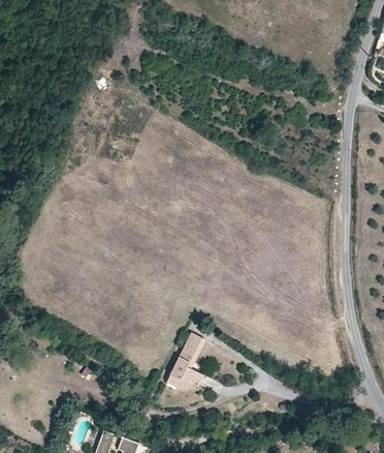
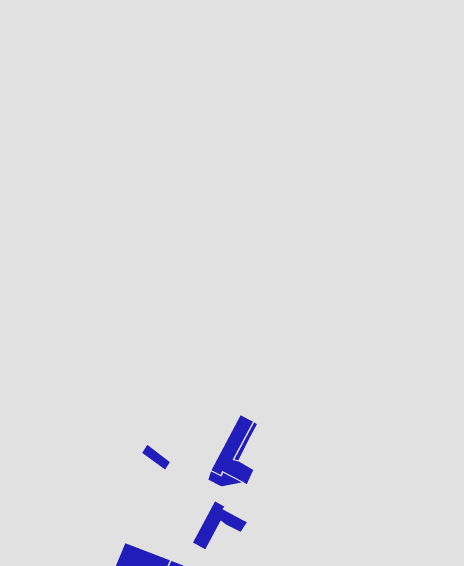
building: none -> [192,501,248,550]

